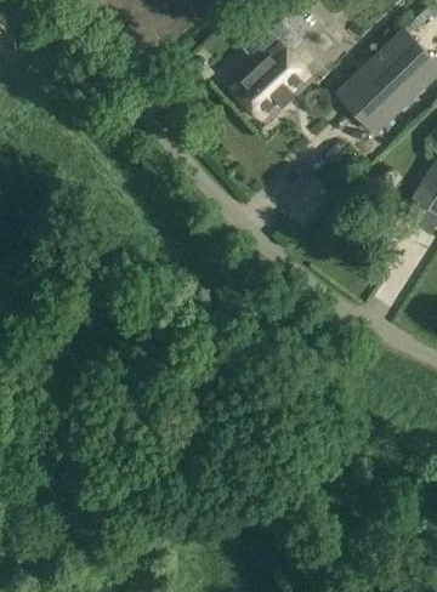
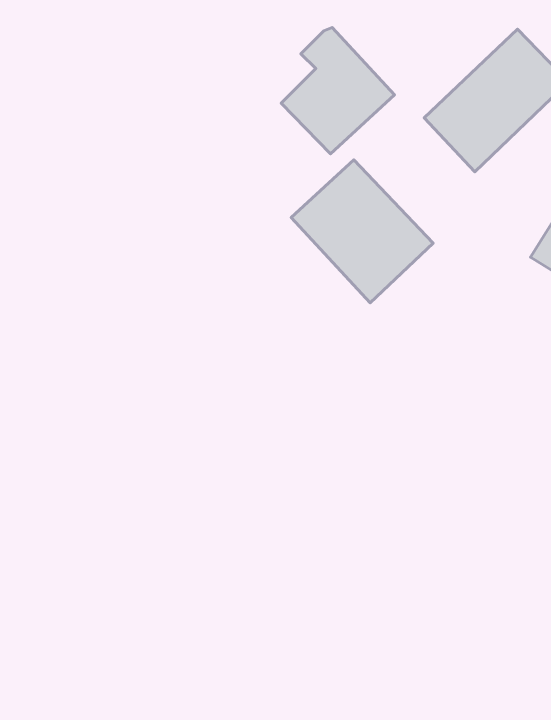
building: none -> [291,160,433,303]

